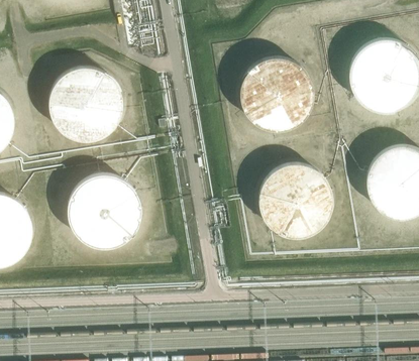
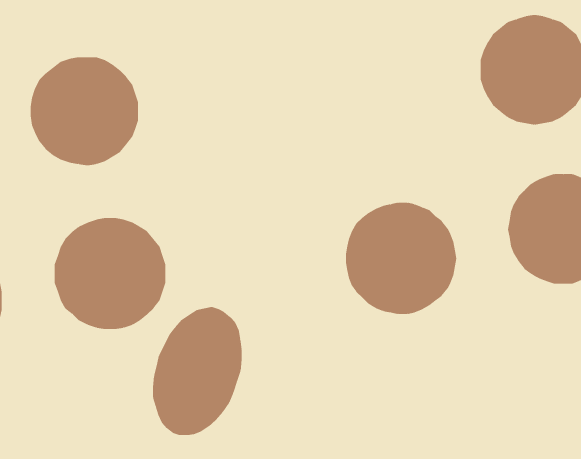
building: [239,56,315,132] -> none
building: none -> [152,306,242,436]

